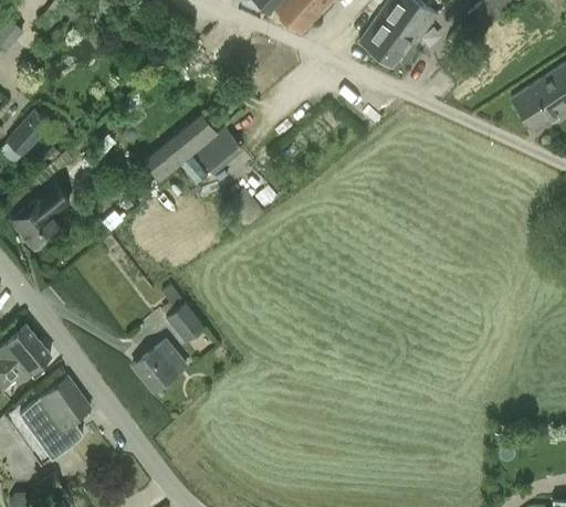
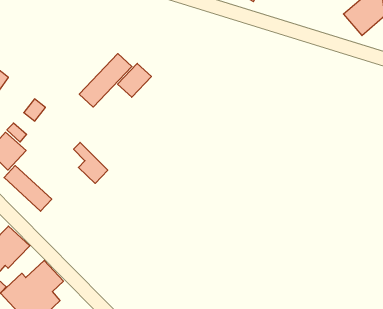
building: none -> [4,166,52,211]
building: [163,287,205,345] -> [74,142,108,183]
building: [133,342,185,393] -> none

